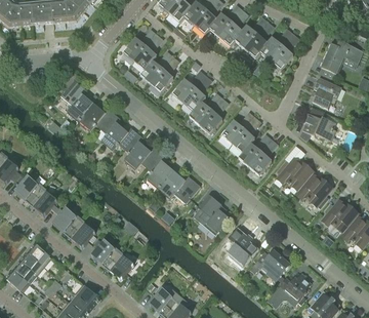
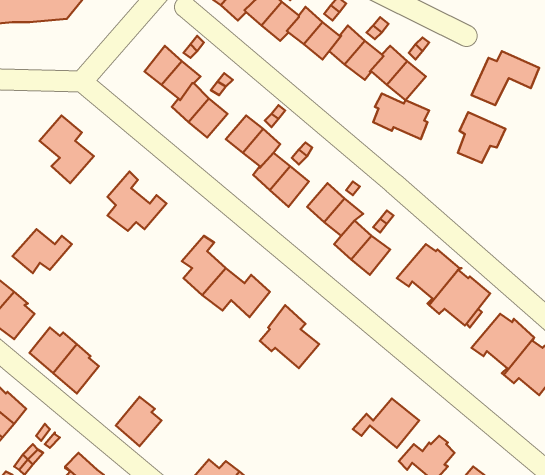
building: [78,104,114,130] -> [13,229,72,273]
building: [302,113,336,141] -> [373,93,429,139]
building: [123,132,159,168] -> none
building: [227,227,258,266] -> none
building: [91,239,120,267] -> none

